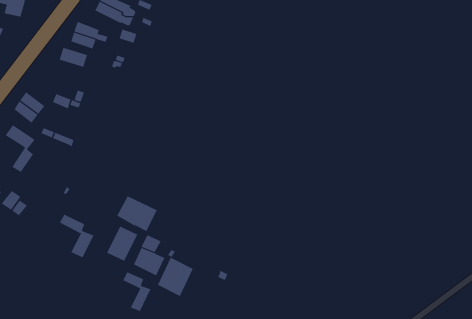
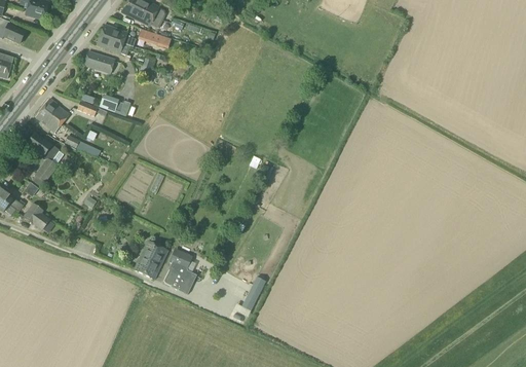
building: [117,196,157,232] -> none
building: [59,214,94,258] -> none
building: [157,257,194,297] -> none
building: [122,271,151,312] -> none

